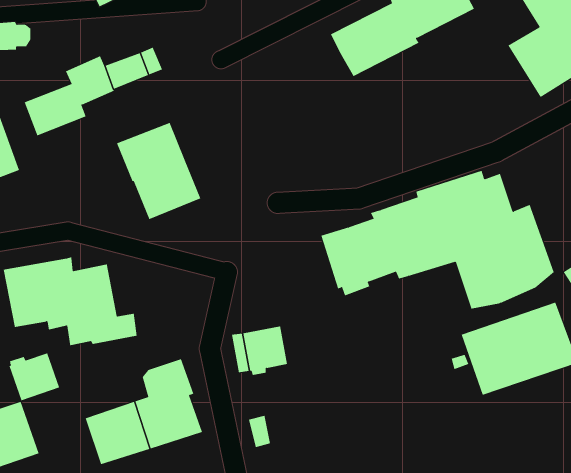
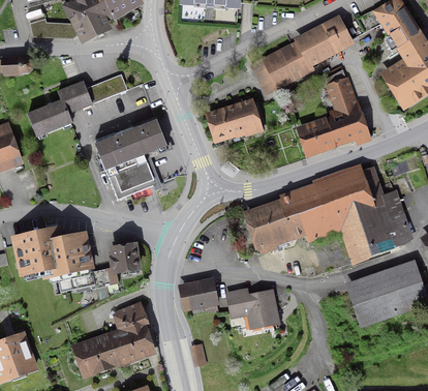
building: none -> [296,74,372,157]
building: none -> [205,96,264,143]
building: none -> [133,119,167,155]
building: none -> [108,241,143,284]
building: none -> [225,285,280,328]
building: [9,353,60,401] -> none

